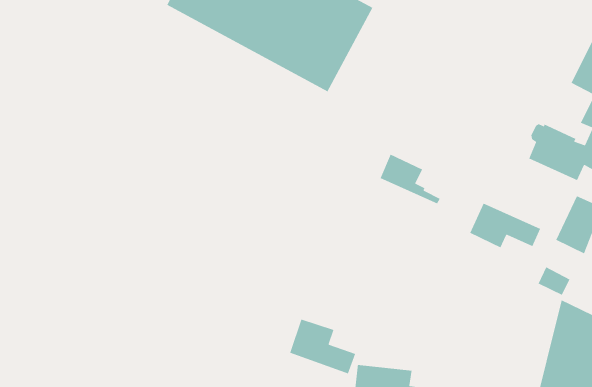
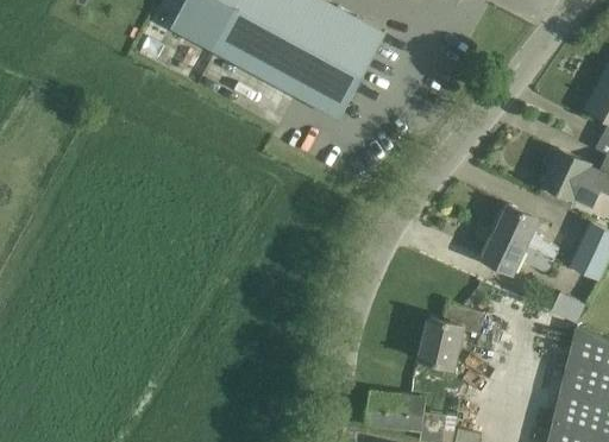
building: [380,154,441,204] -> [497,204,559,255]
building: none -> [419,307,484,370]
building: [289,319,356,374] -> none

